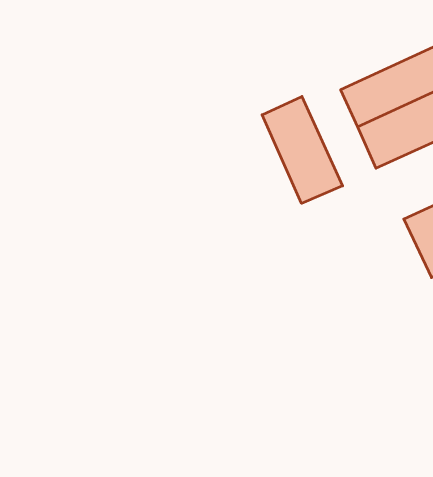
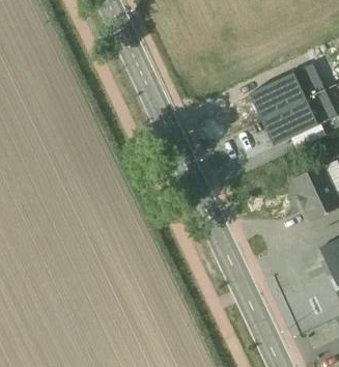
building: [262,96,343,203] -> none

